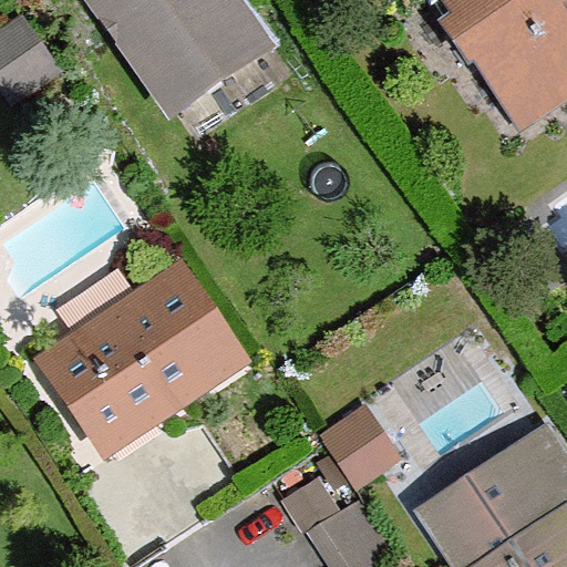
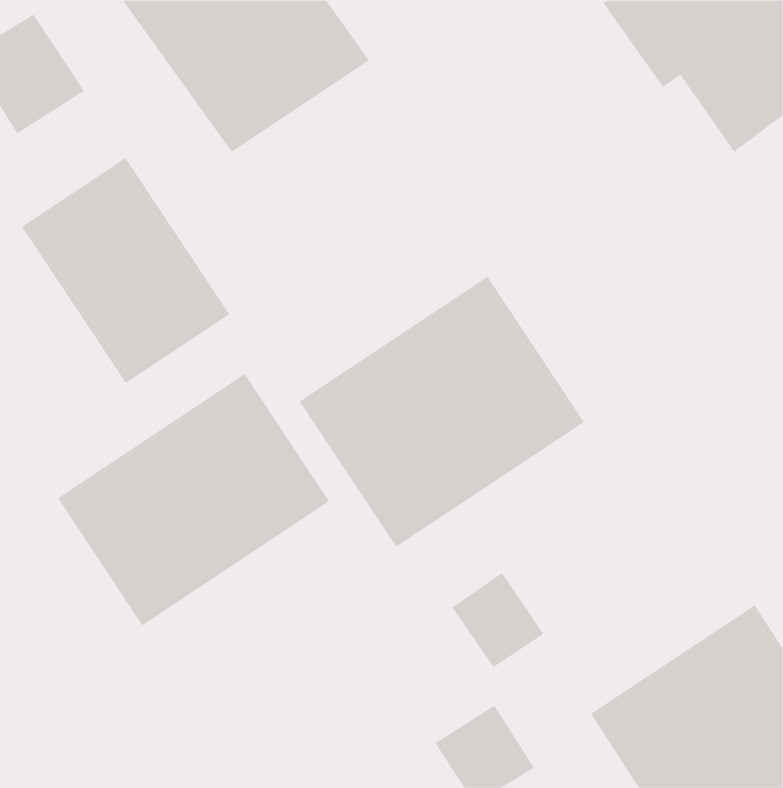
building: none -> [21,157,230,384]
building: none -> [299,276,585,548]

